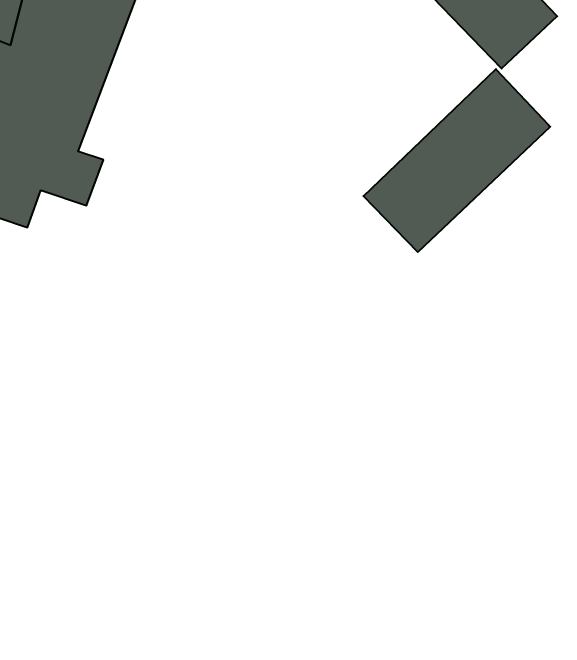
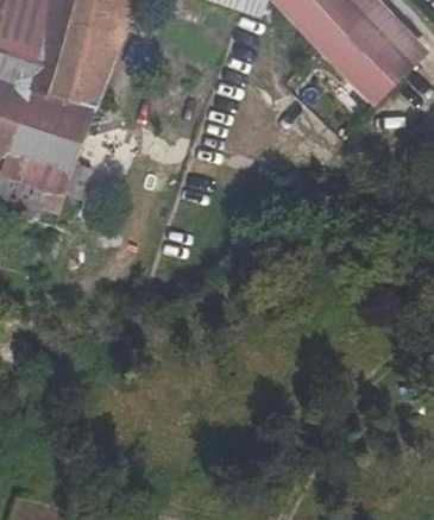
building: [363,69,550,252] -> none

